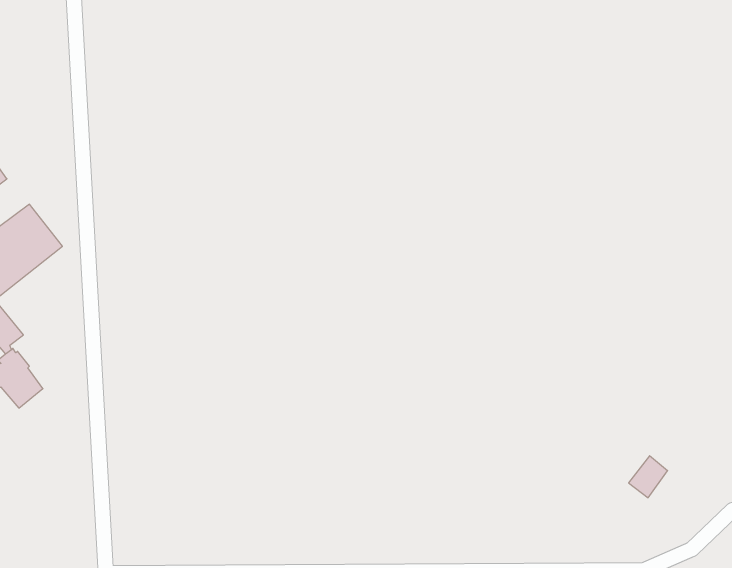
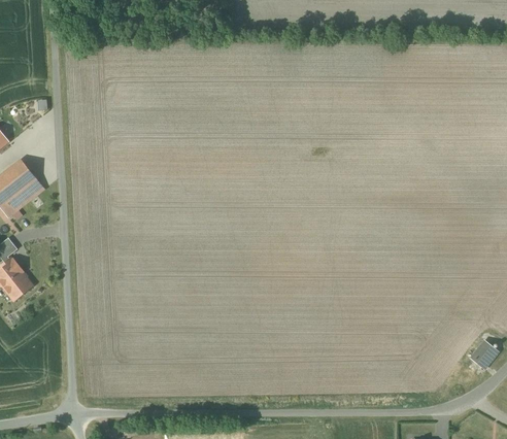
building: [629,456,668,498] -> [471,340,498,369]

